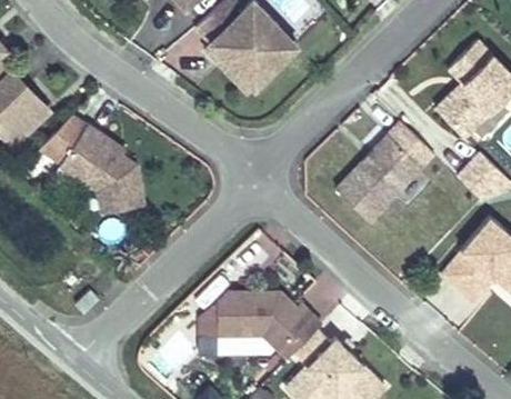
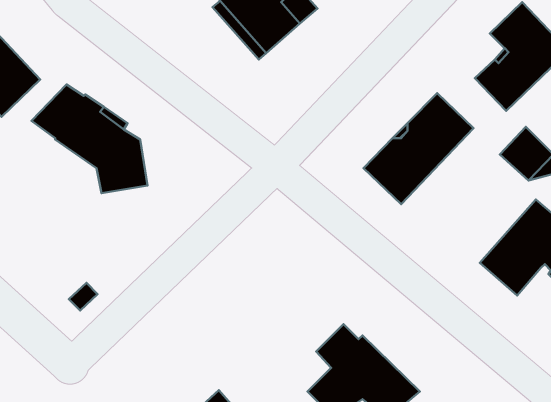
building: [200,291,321,358] -> none

